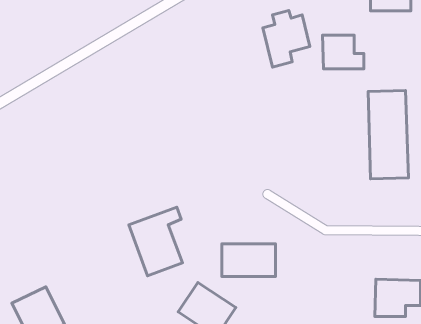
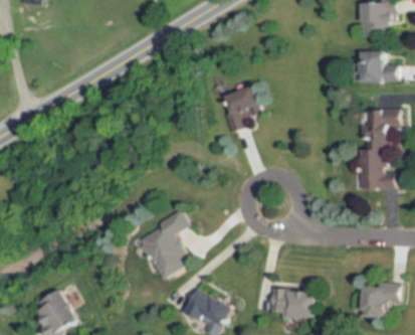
building: [263,10,310,67] -> [220,80,263,133]
building: [322,35,364,69] -> [361,49,399,80]
building: [222,244,275,277] -> [270,288,320,318]

